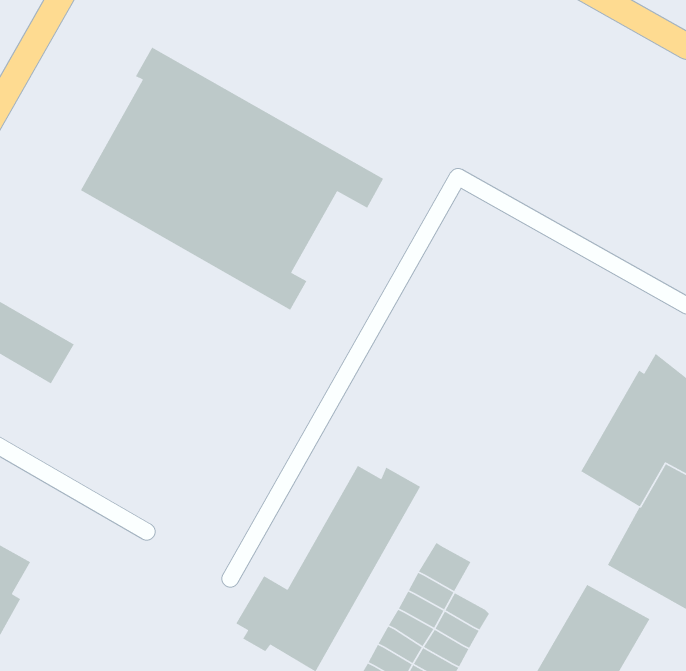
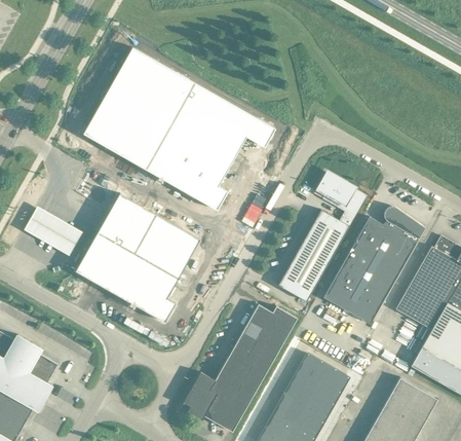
building: none -> [277,172,367,301]
building: none -> [79,192,200,322]
building: none -> [322,207,424,324]
building: none -> [317,364,350,396]

